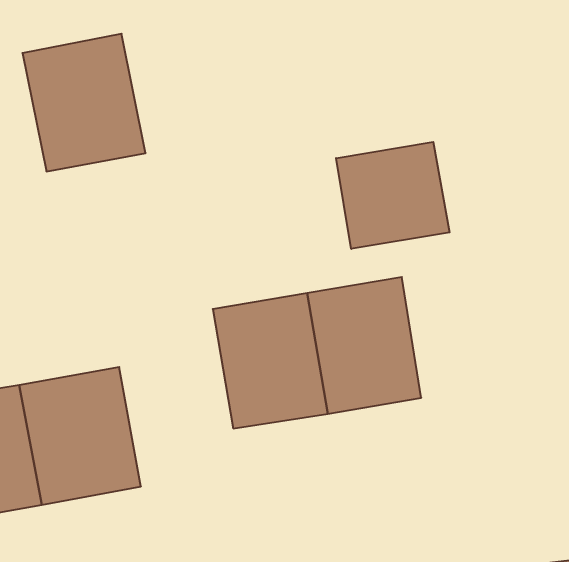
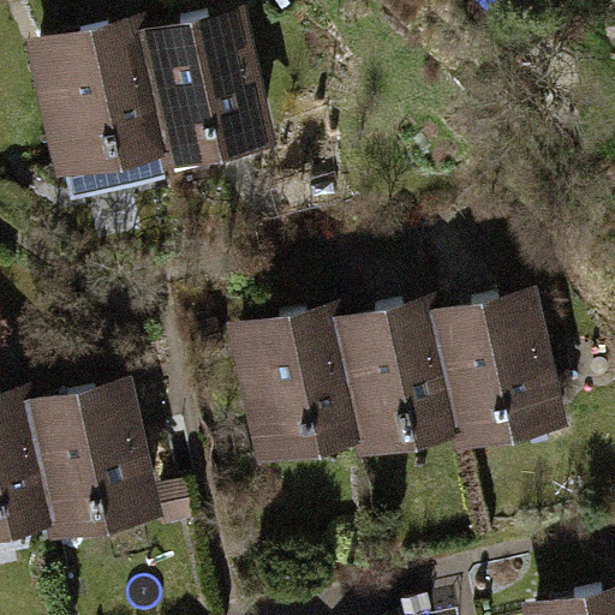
building: none -> [137,20,267,167]
building: [336,142,450,249] -> none
building: none -> [432,282,553,425]

